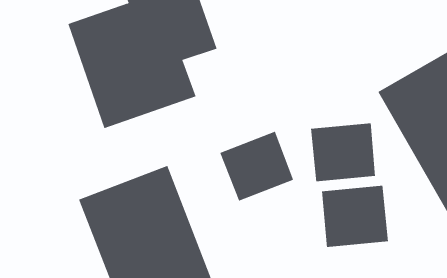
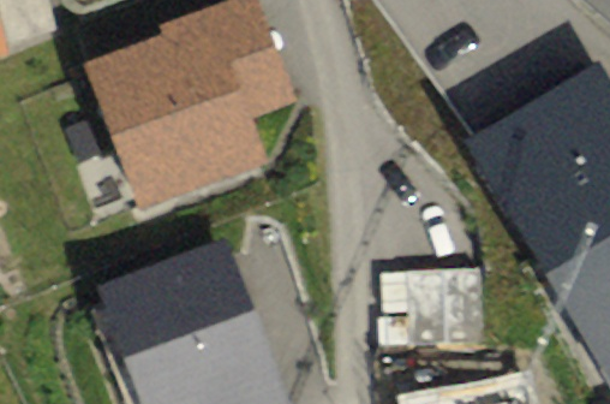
building: [311,123,376,182] -> none
building: [219,131,294,202] -> none

